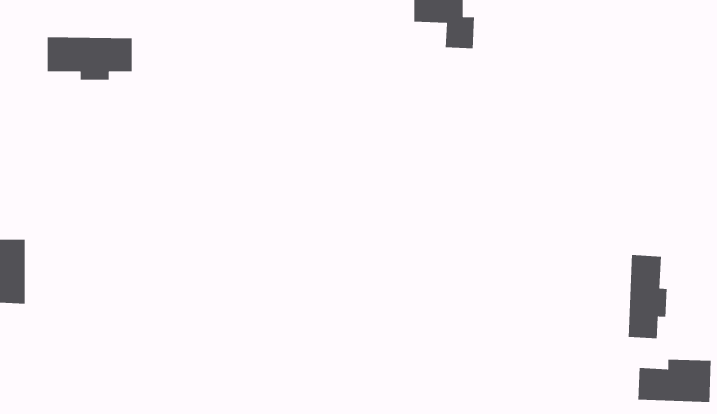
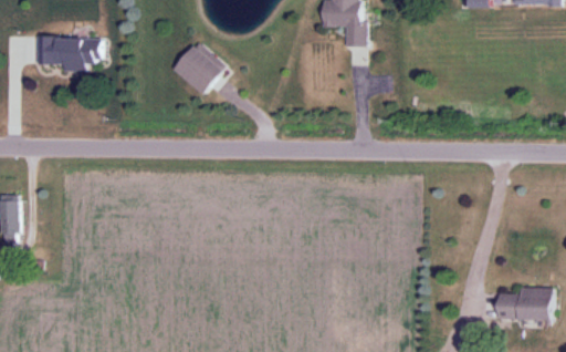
building: none -> [171,40,227,95]
building: [628,254,668,339] -> none

